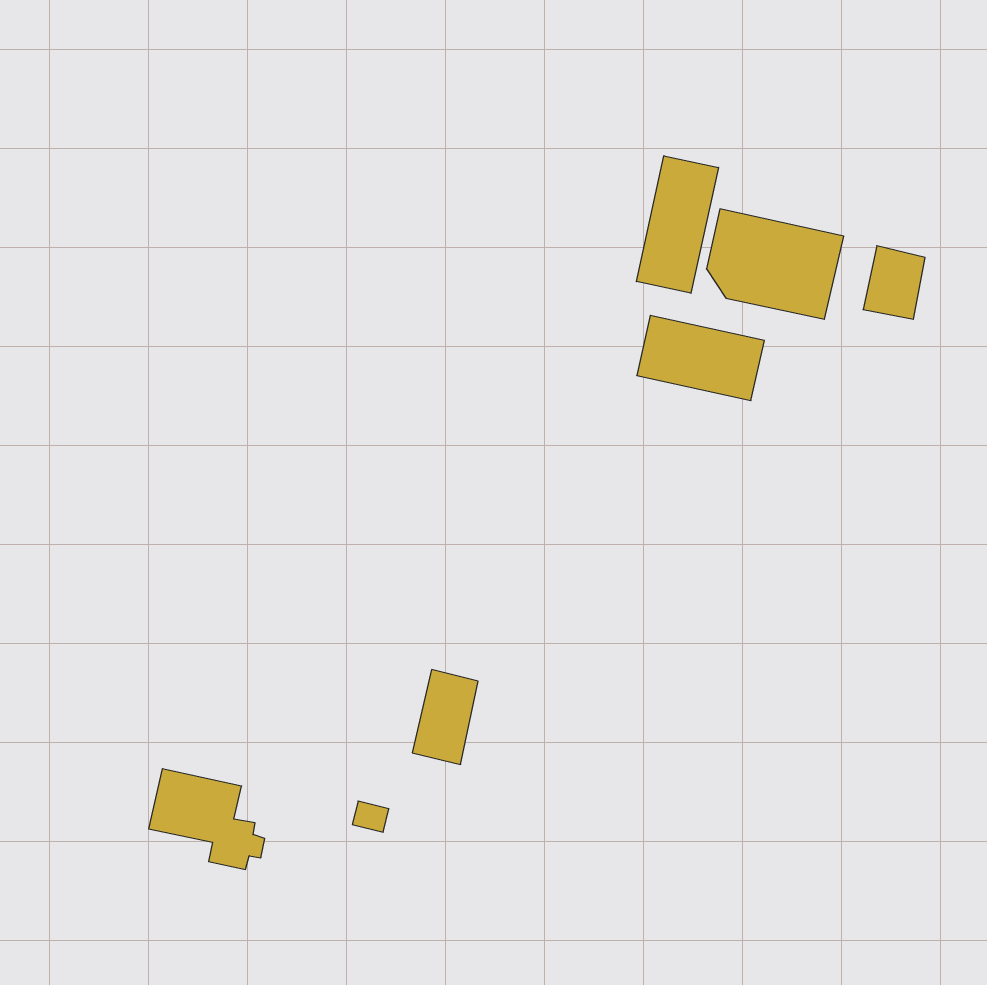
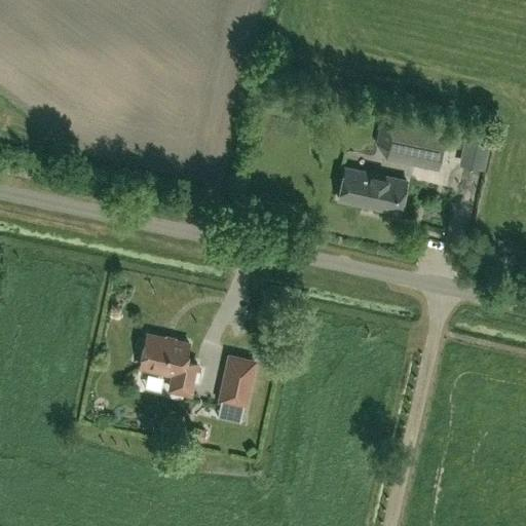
building: [636,156,718,293] -> none
building: [149,769,265,869] -> [140,336,201,389]

